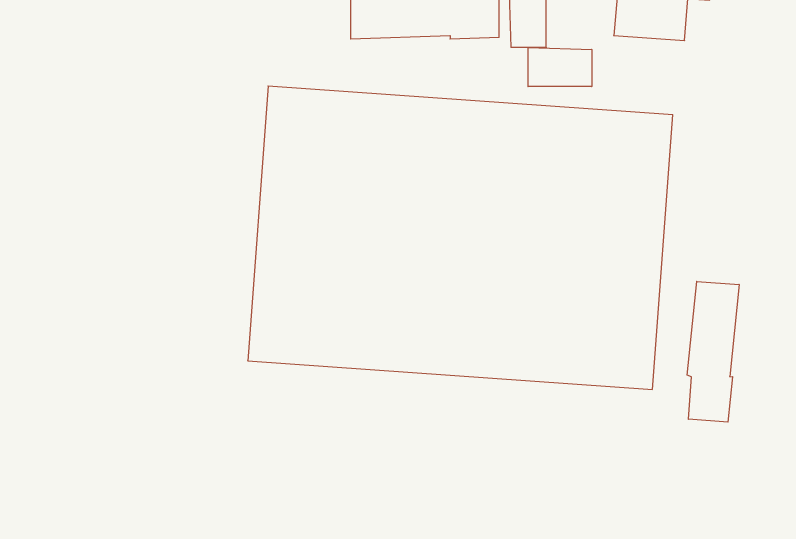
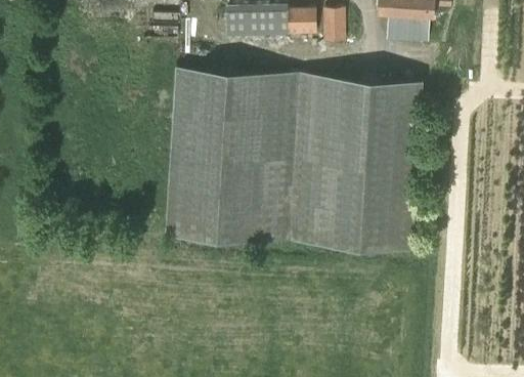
building: [528,48,592,87] -> none
building: [687,281,739,422] -> none

